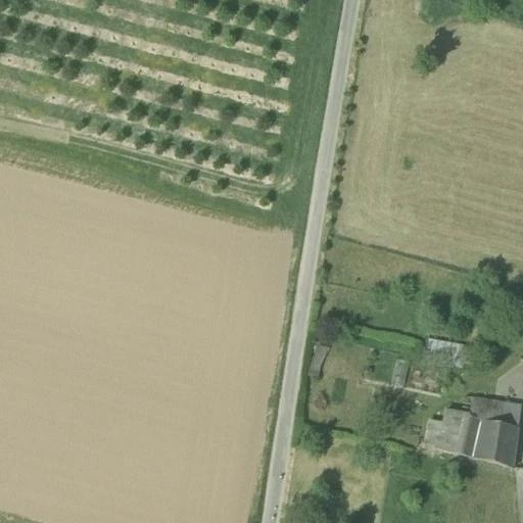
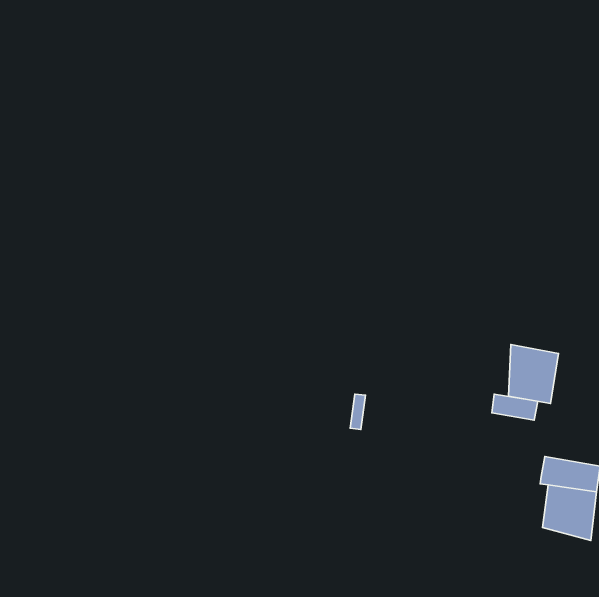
building: none -> [508,344,559,403]
building: [425,405,478,457] -> none

